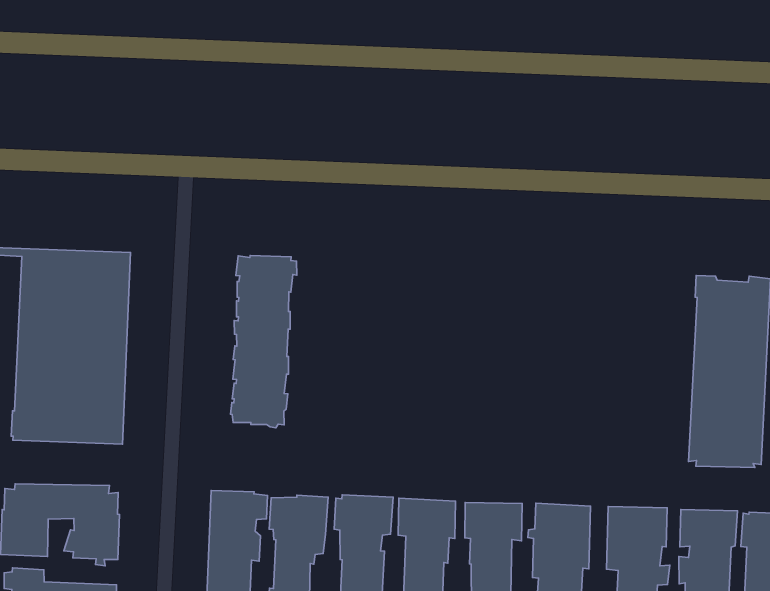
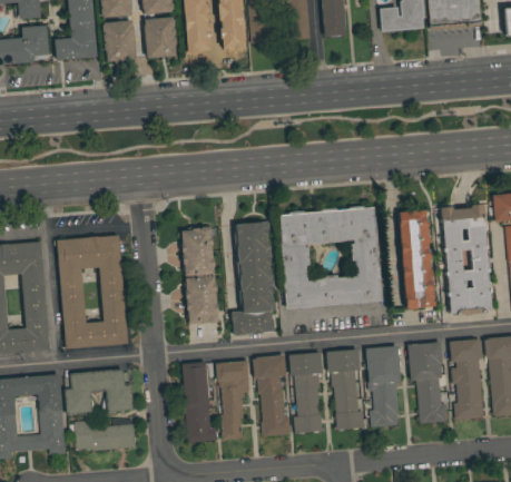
building: none -> [279,206,384,309]
building: none -> [232,220,276,336]
building: none -> [399,210,435,309]

